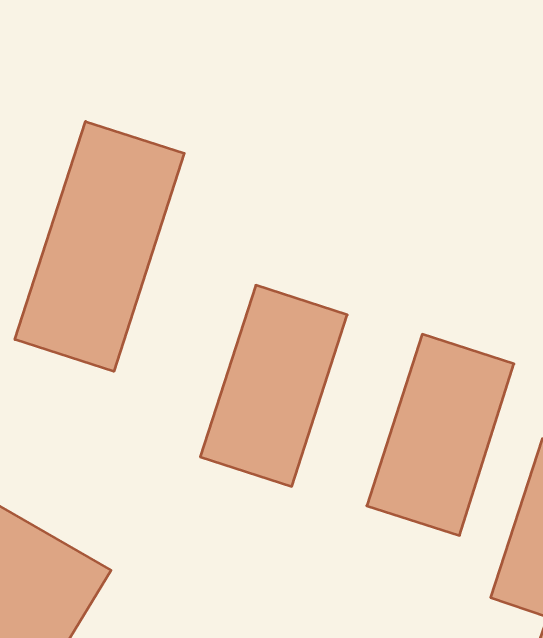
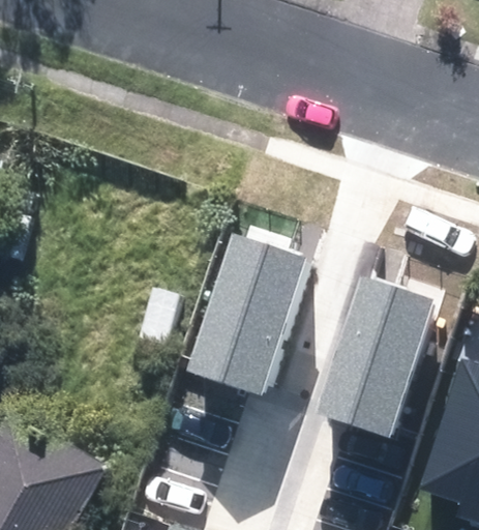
building: [15,121,184,371] -> none

